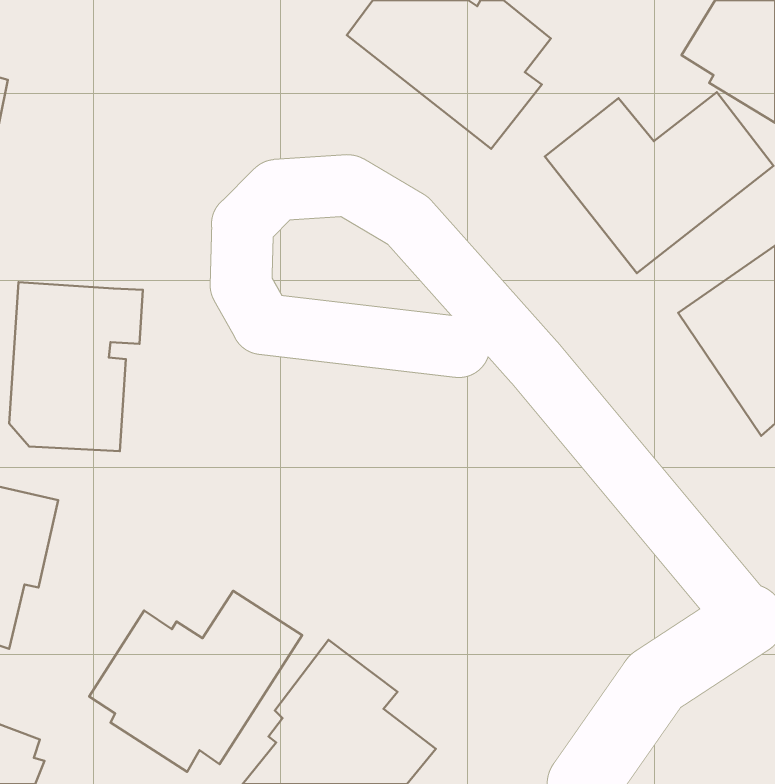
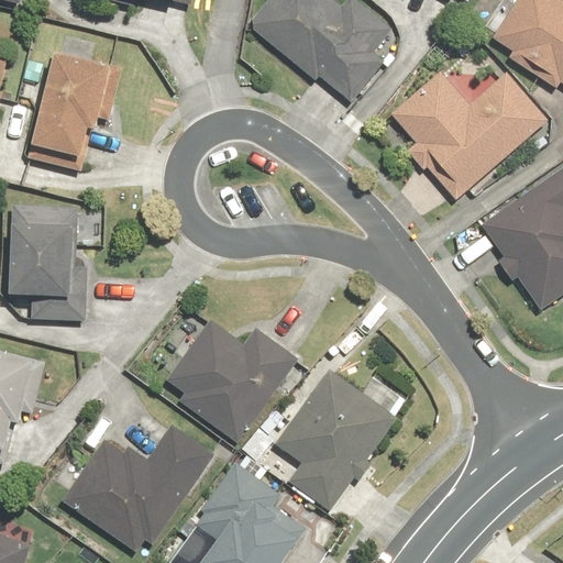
building: none -> [25,36,117,173]
building: none -> [166,321,296,442]
building: none -> [273,368,407,511]

